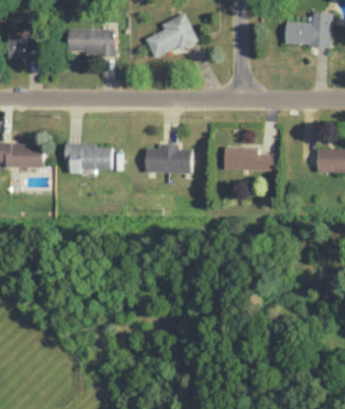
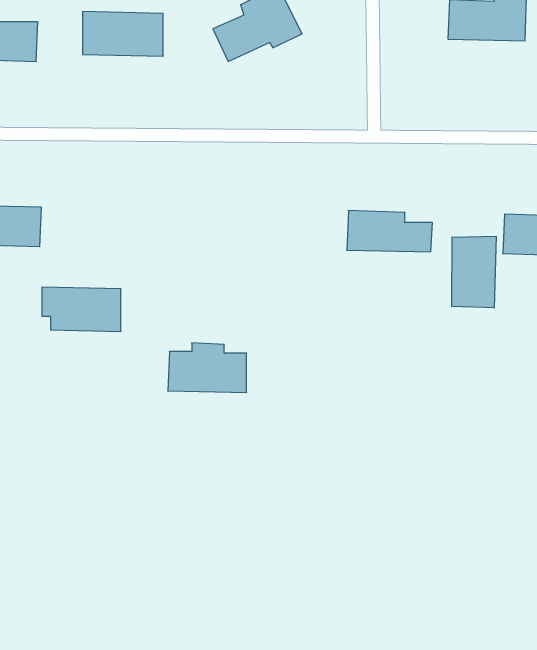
building: [145,142,191,172] -> [168,343,247,393]
building: [64,143,111,170] -> [42,287,121,332]
building: none -> [452,236,496,308]

